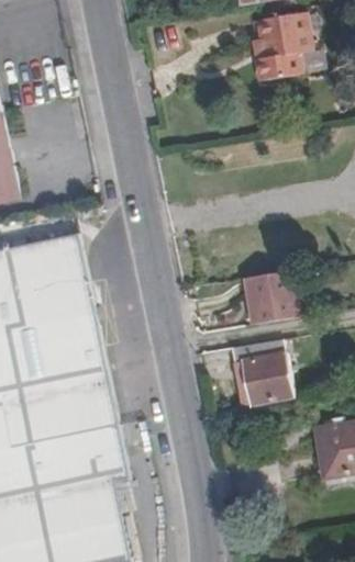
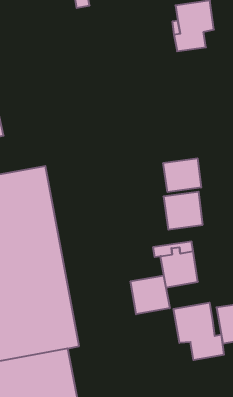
building: none -> [163,158,201,192]
building: none -> [131,276,170,314]
building: none -> [173,303,224,360]

